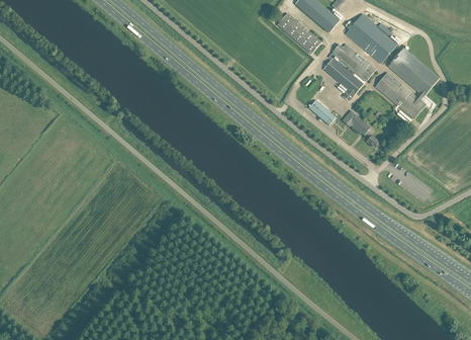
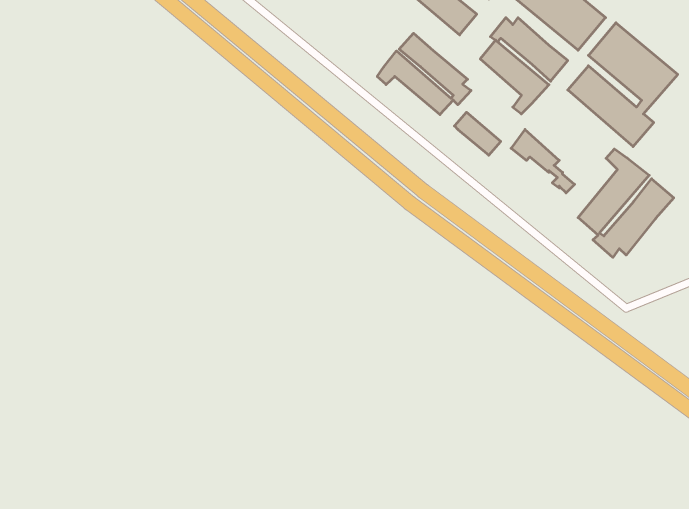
building: none -> [377,33,471,115]
building: none -> [578,149,674,257]

